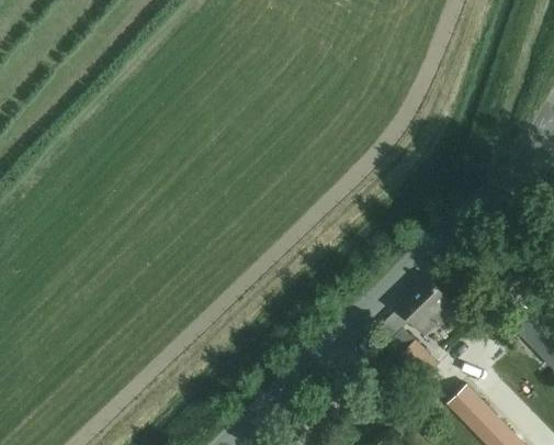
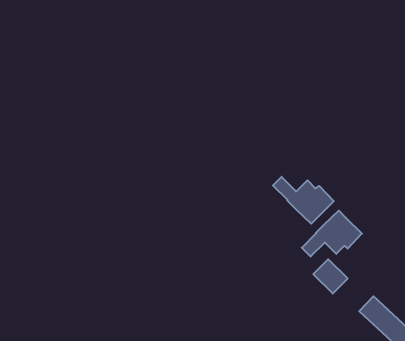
building: none -> [273,177,334,224]

